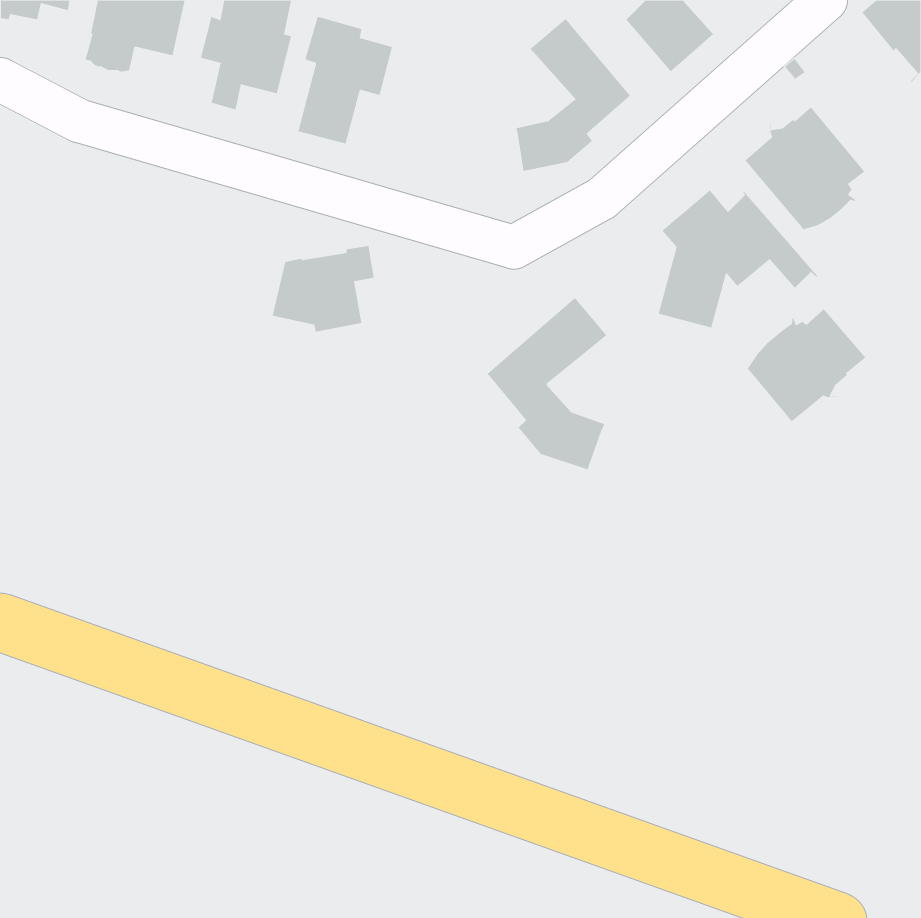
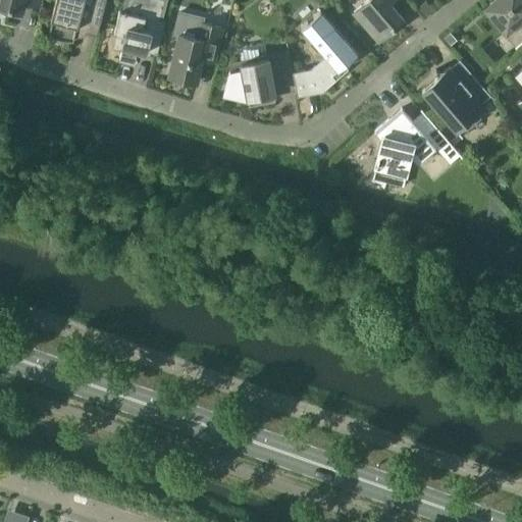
building: [272,245,375,332] -> [224,55,282,104]
building: [487,297,607,470] -> none
building: [747,308,866,422] -> none

